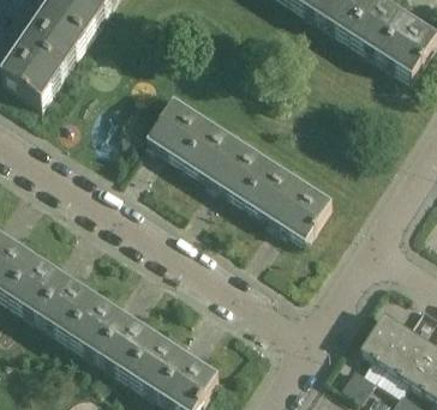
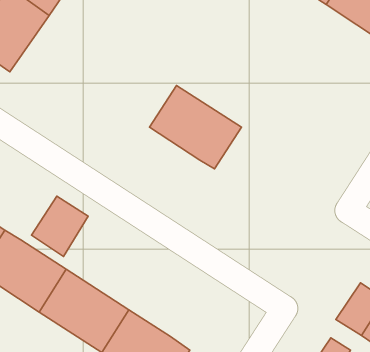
building: [146,98,204,159] -> none
building: [241,159,331,242] -> none
building: none -> [31,196,88,256]

